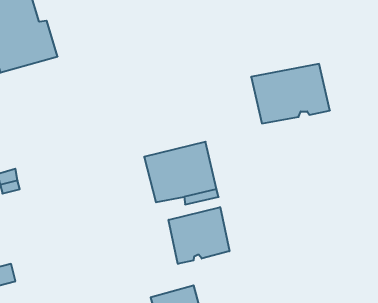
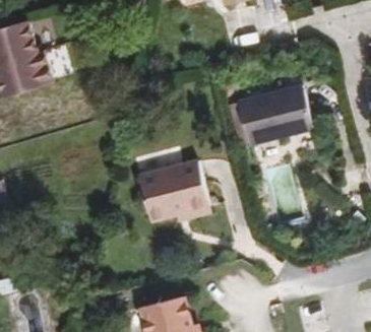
building: [169,207,229,264] -> none

